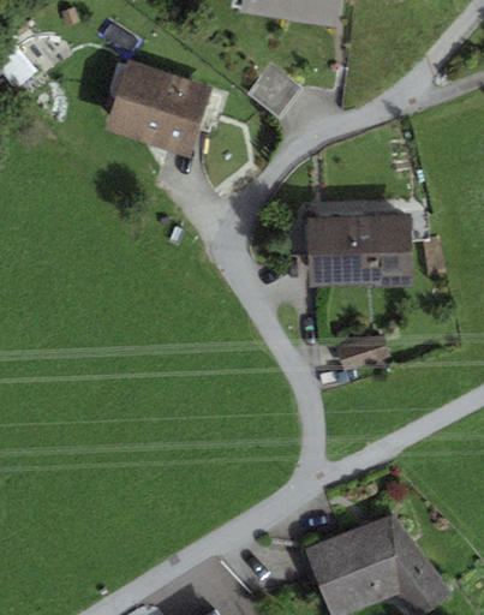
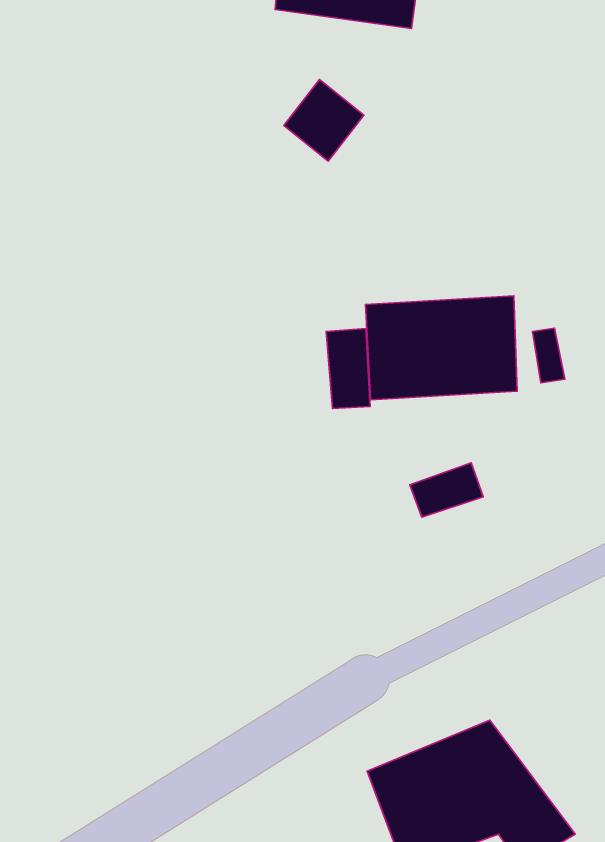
building: [106,59,210,156] -> none
building: none -> [326,329,370,408]

